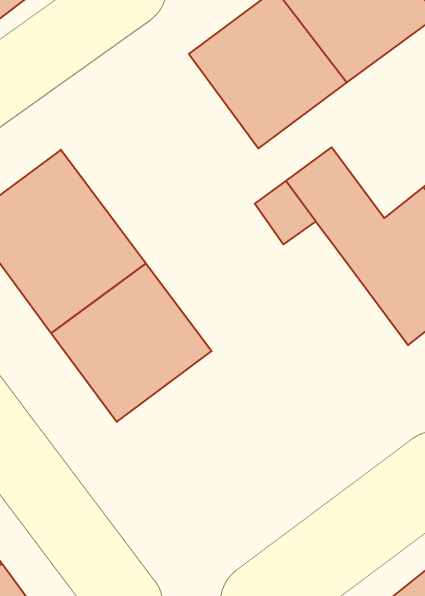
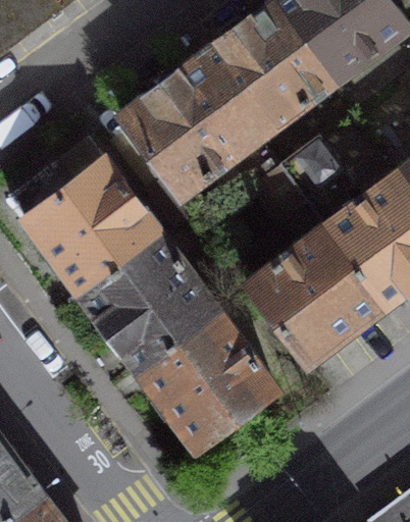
building: none -> [122,59,258,197]
building: none -> [249,227,386,365]
building: none -> [138,312,275,450]

